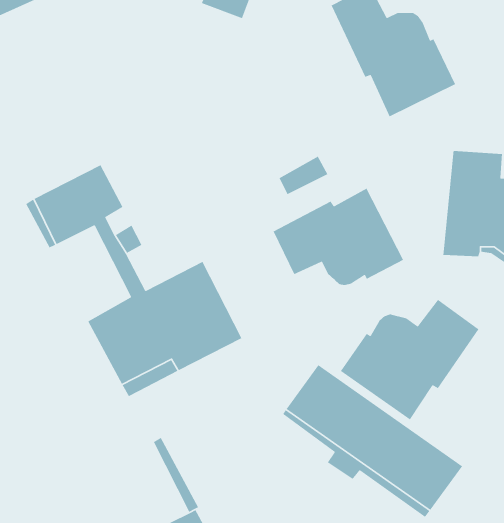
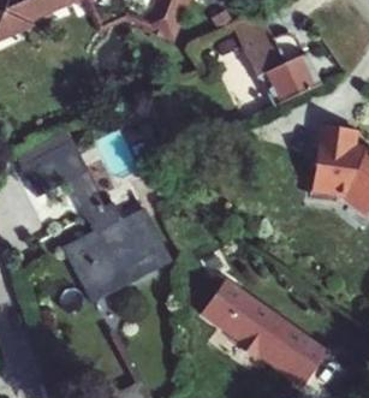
building: [273,187,404,286] -> none
building: [340,299,479,421] -> none

